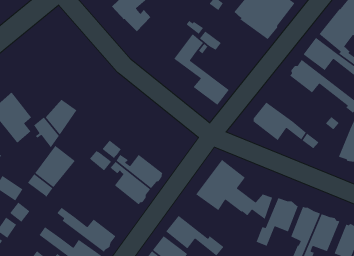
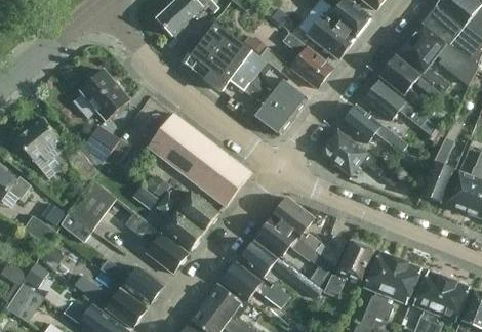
building: none -> [186,23,252,90]
building: none -> [282,32,331,87]
building: none -> [74,69,130,120]
building: none -> [250,75,309,116]
building: none -> [342,105,408,152]
building: none -> [142,112,251,205]
building: none -> [124,211,189,272]
building: none -> [239,240,323,298]

